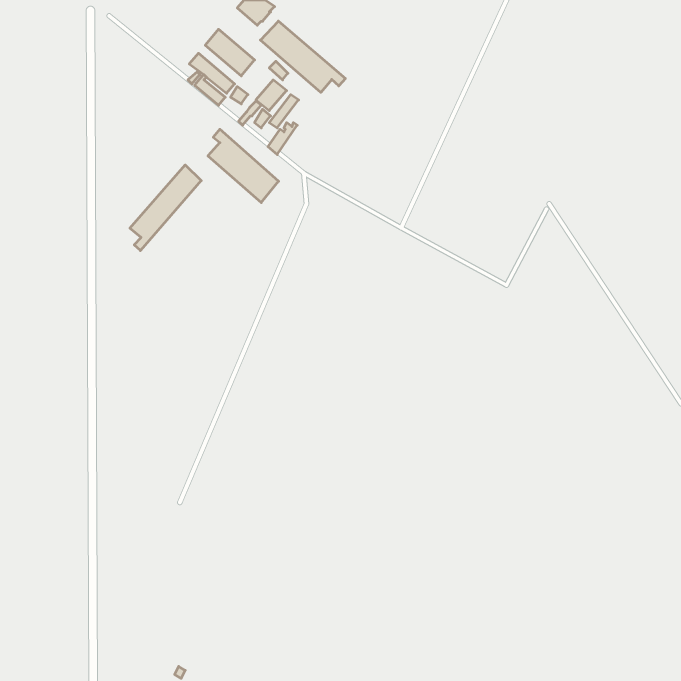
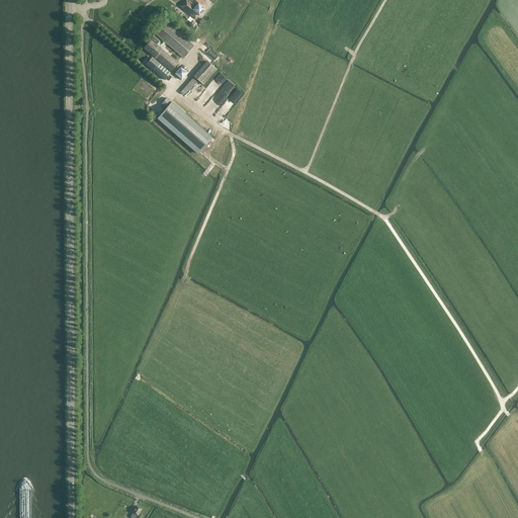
building: [260,21,345,92] -> none
building: [130,165,201,251] -> none

